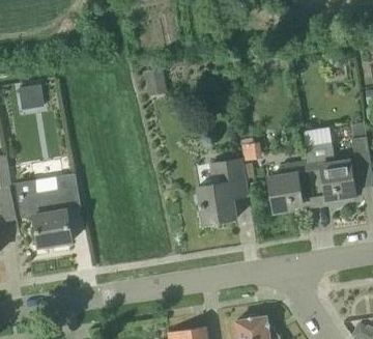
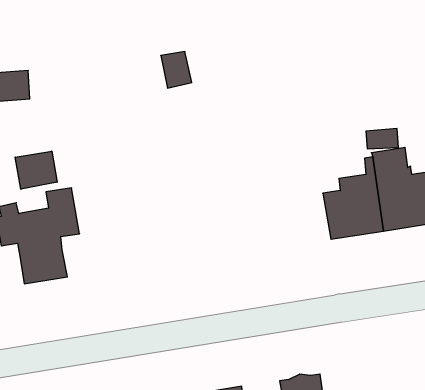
building: none -> [15,151,57,189]
building: [197,159,248,224] -> none

